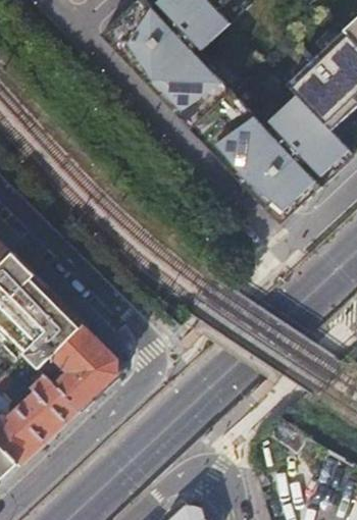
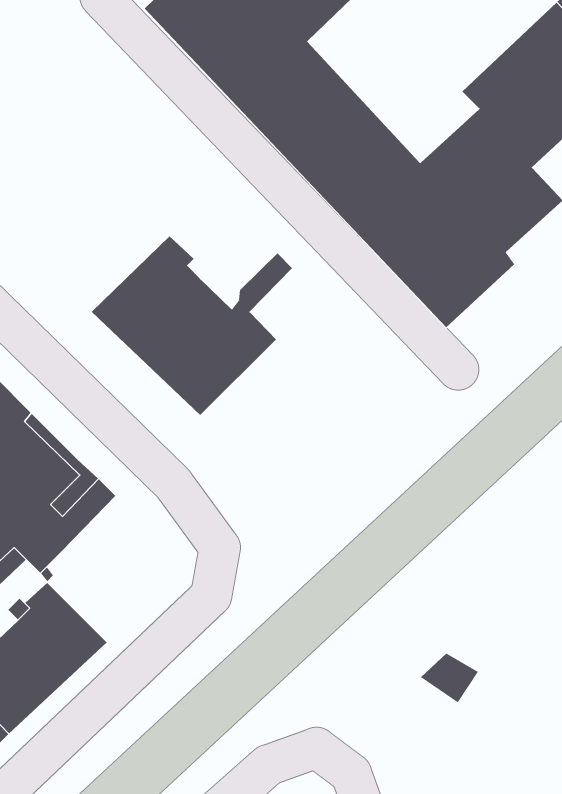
building: none -> [91,235,293,416]
building: [53,323,119,410] -> none

